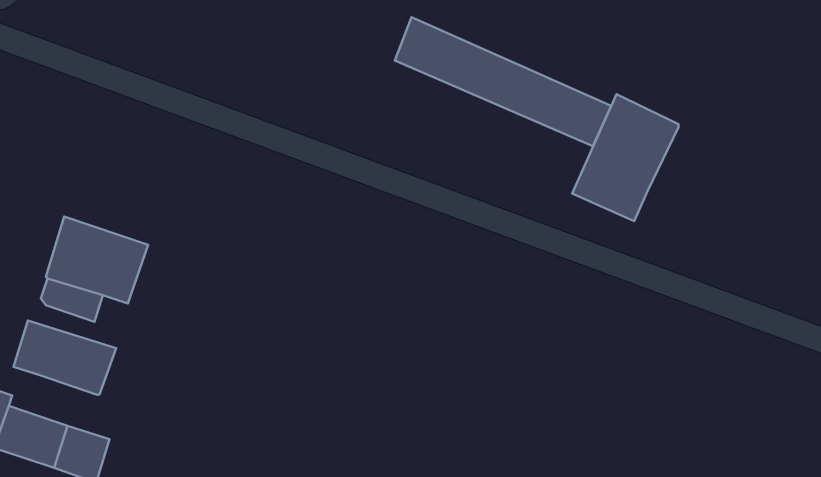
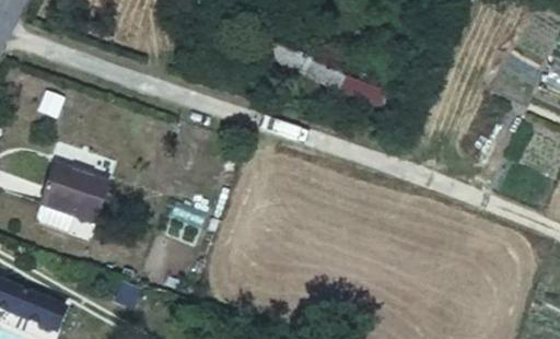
building: [572,94,679,221] -> none
building: [13,321,116,395] -> none

